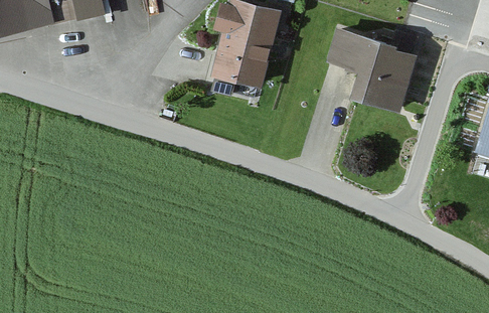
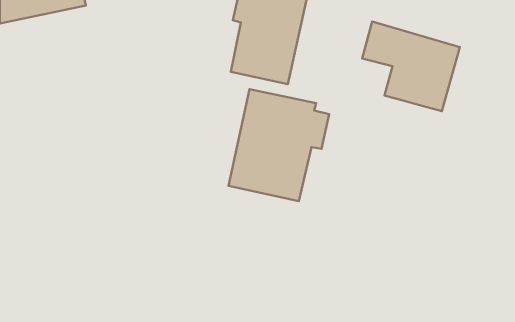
building: none -> [228,89,329,201]

